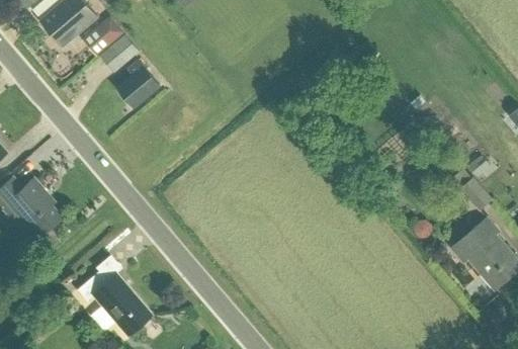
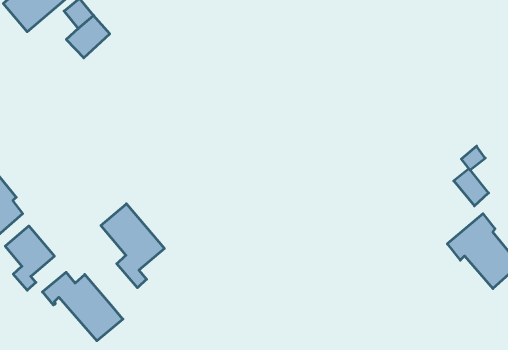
building: [118,60,160,106] -> none
building: none -> [101,204,164,288]
building: none -> [5,226,54,290]

